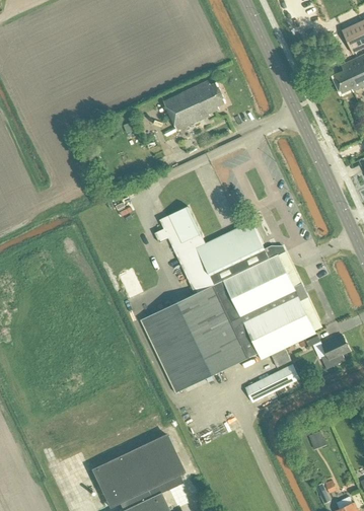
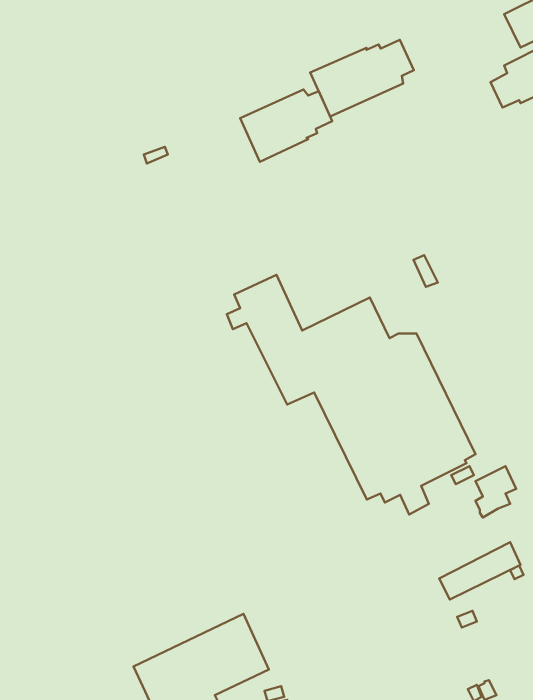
building: none -> [310,40,414,116]
building: [140,286,248,393] -> none
building: [244,364,299,403] -> [439,542,521,600]

